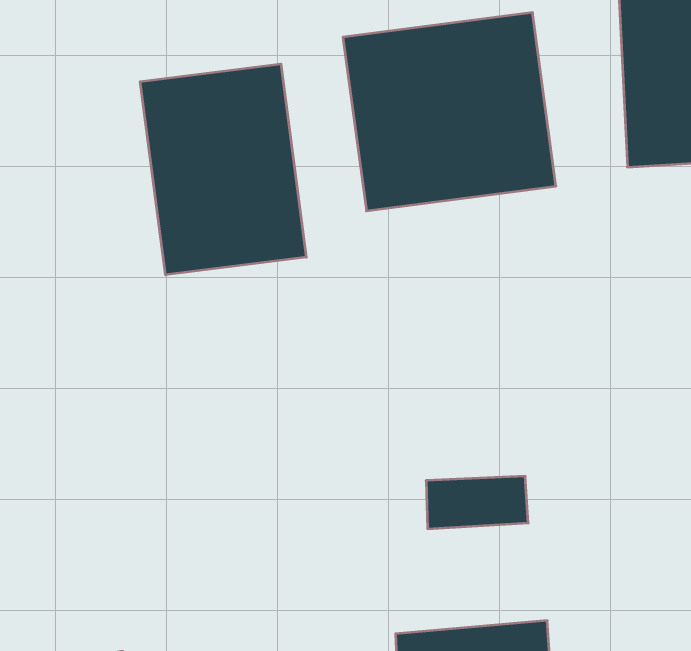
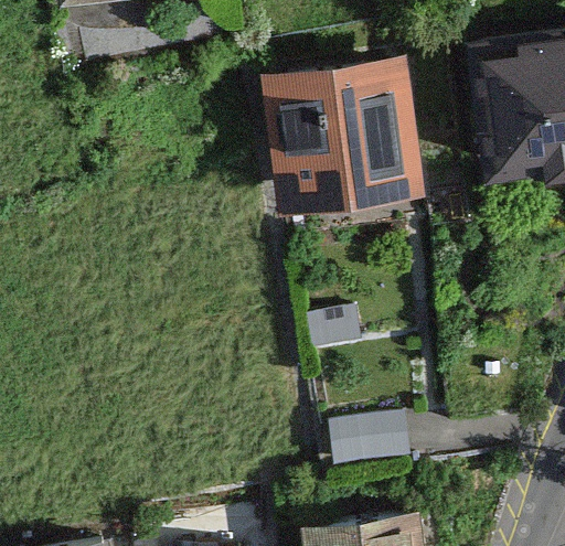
building: [140,64,306,275] -> none

